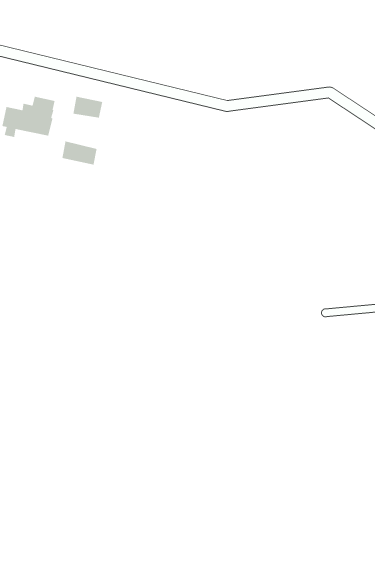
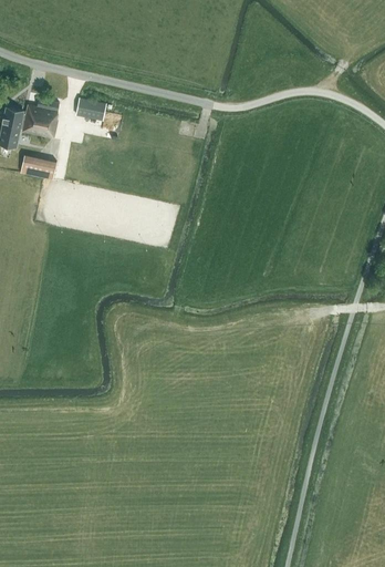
building: [61,141,98,165] -> [21,154,56,178]

